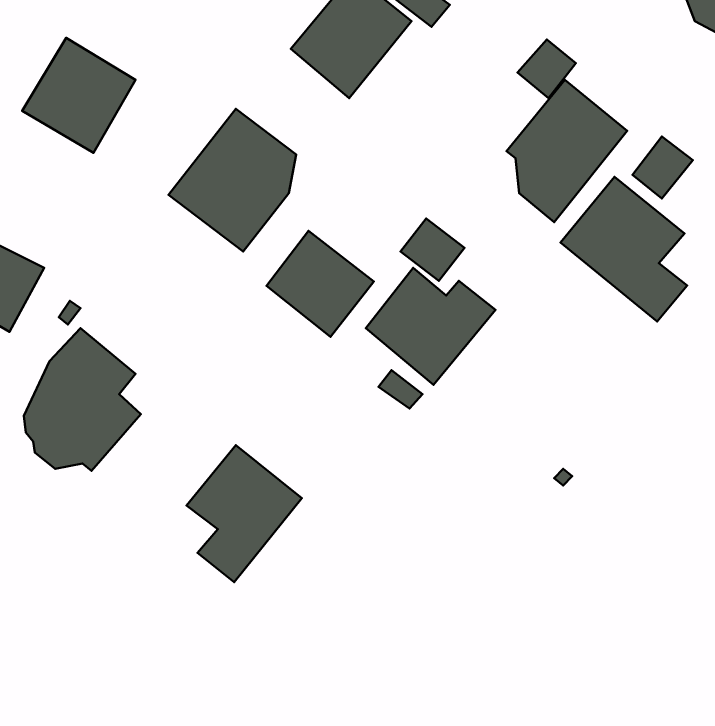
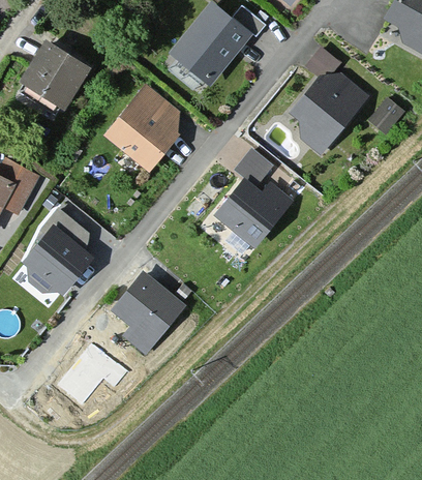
building: [561,177,687,322] -> none
building: [267,231,374,337] -> none
building: none -> [53,341,130,411]

